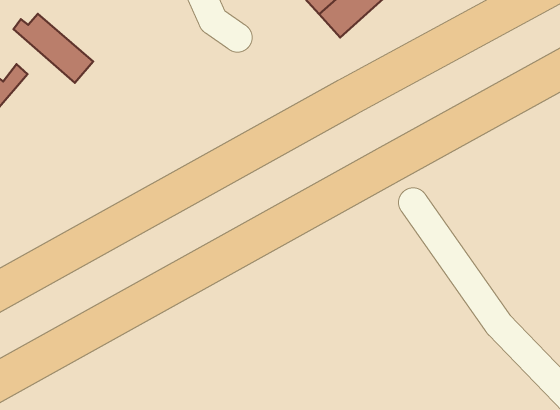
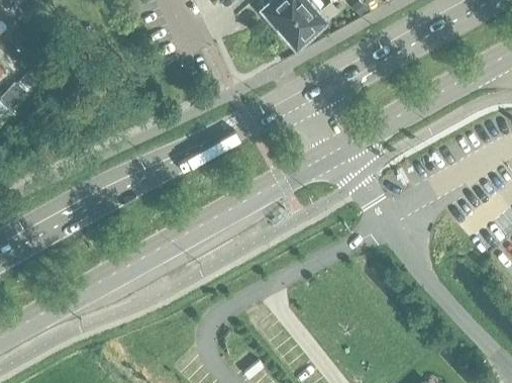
building: [13,14,93,83] -> none

